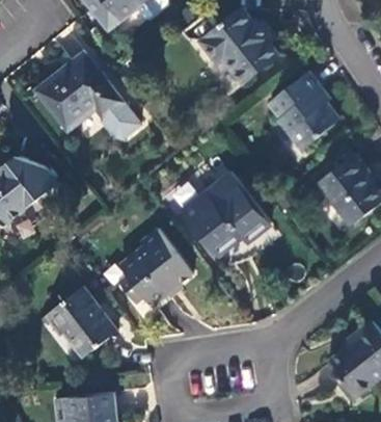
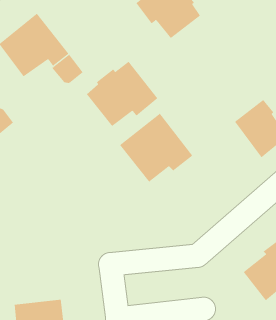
building: [269,73,338,149] -> none
building: none -> [86,61,158,127]
building: [119,230,193,306] -> none
building: [47,287,118,355] -> none

